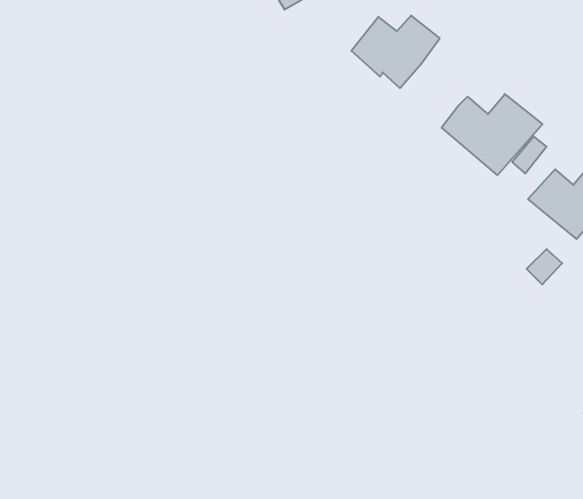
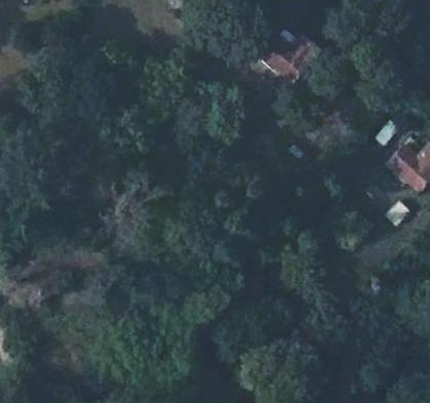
building: [442,94,542,175] -> none

